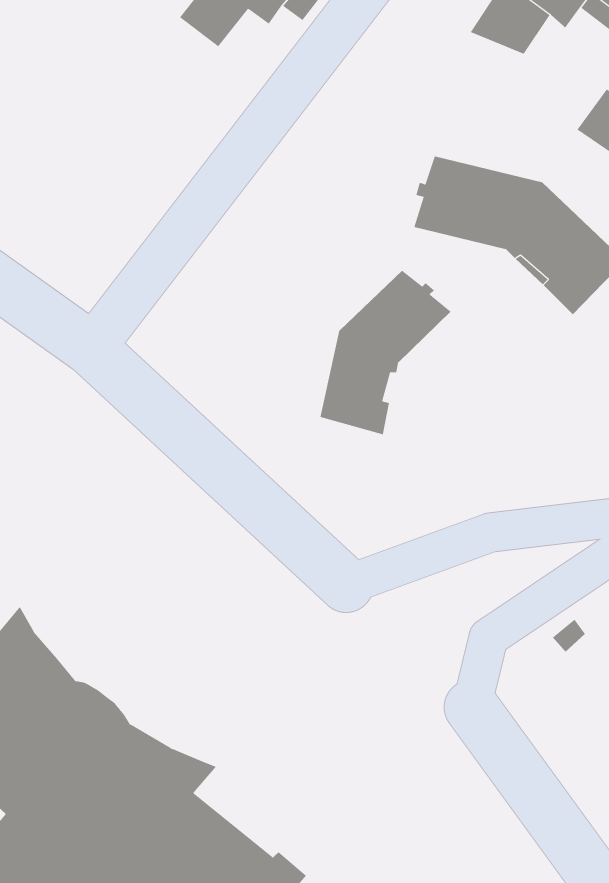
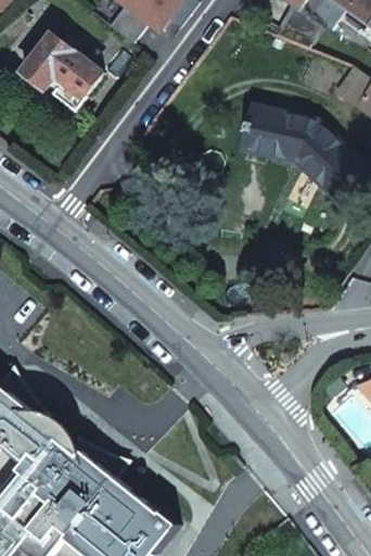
building: none -> [21,36,101,98]
building: [320,270,452,435] -> none

